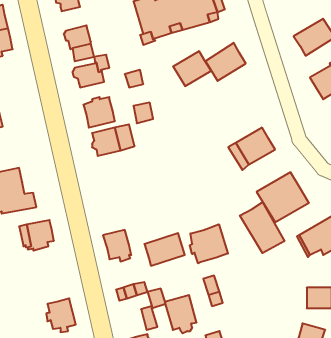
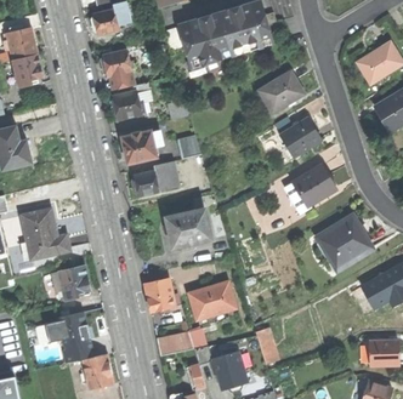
building: [173,51,211,86] -> [278,116,320,155]
building: none -> [165,209,210,247]
building: [240,202,284,253] -> none
building: [190,224,228,263] -> none
building: none -> [44,312,92,364]

